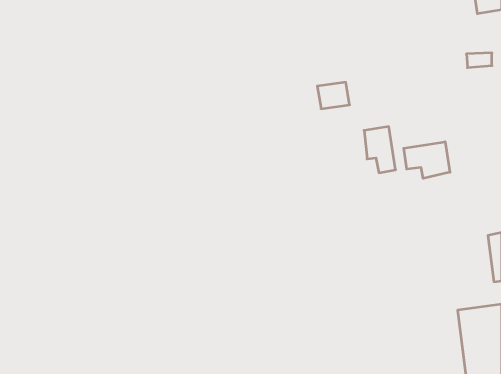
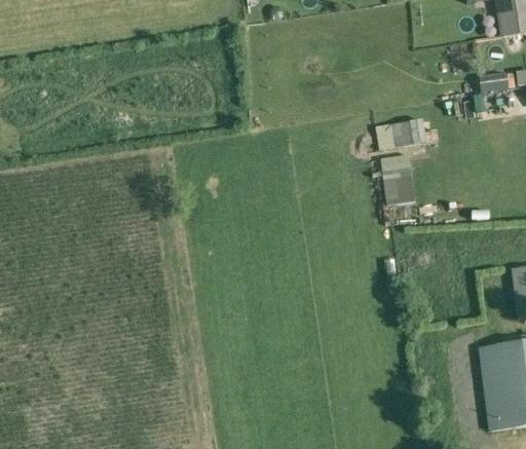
building: [317,82,350,109] -> [391,119,425,147]
building: [404,142,450,178] -> none

